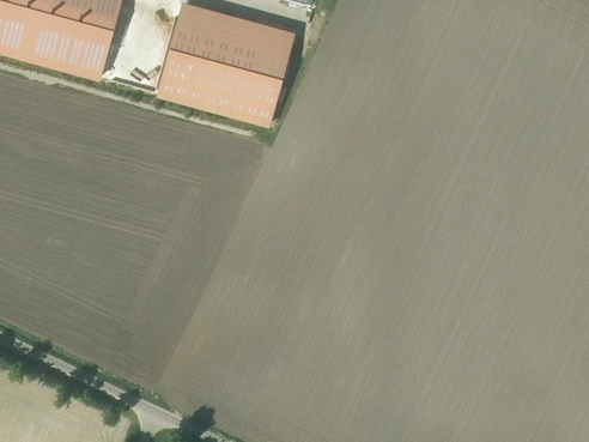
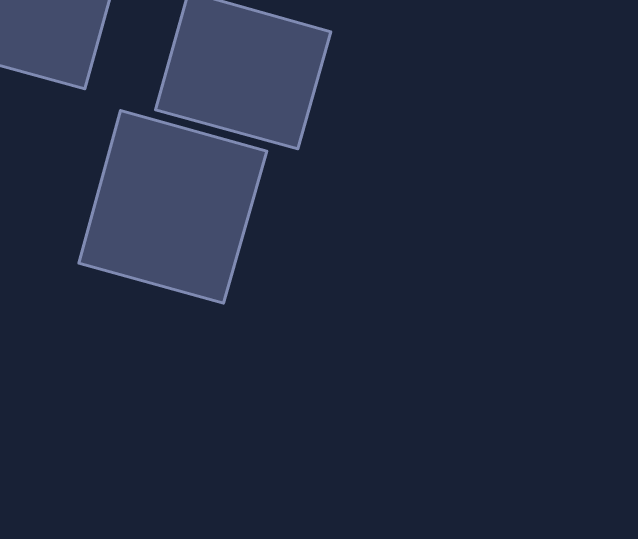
building: none -> [79,110,267,303]

